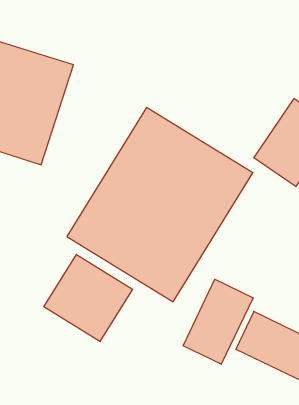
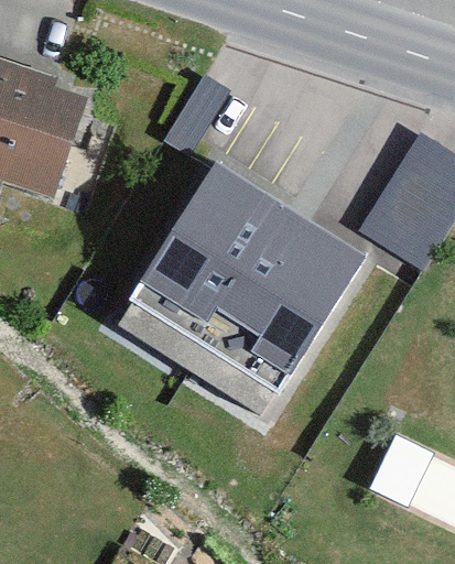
building: [44,254,133,342] -> none
building: [183,279,253,364] -> none

